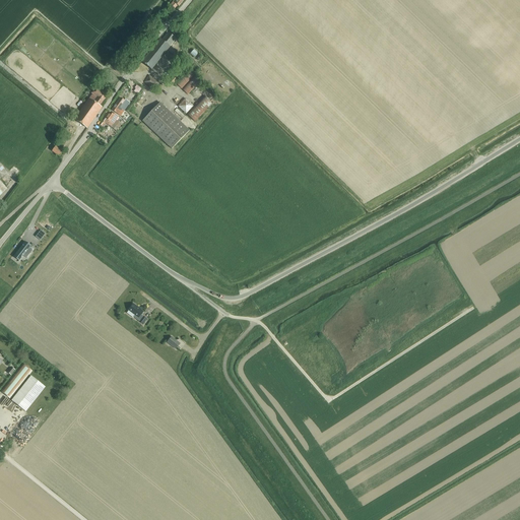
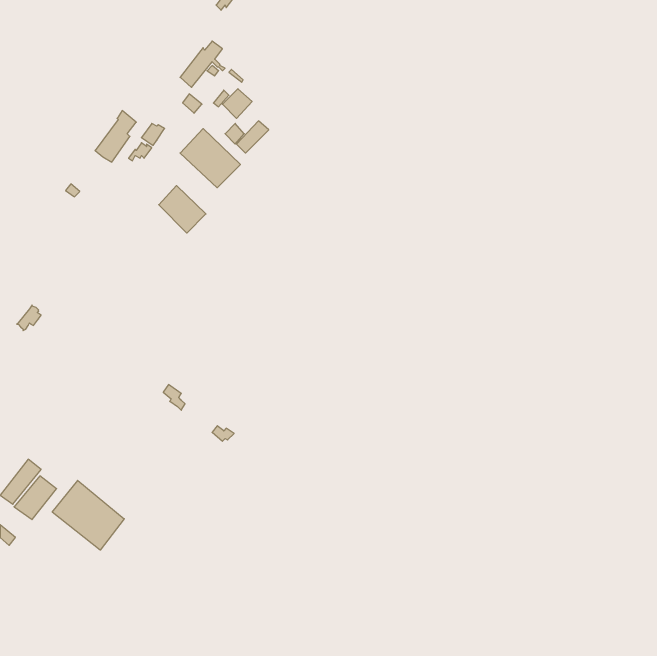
building: none -> [159,186,206,233]
building: none -> [52,480,124,550]

